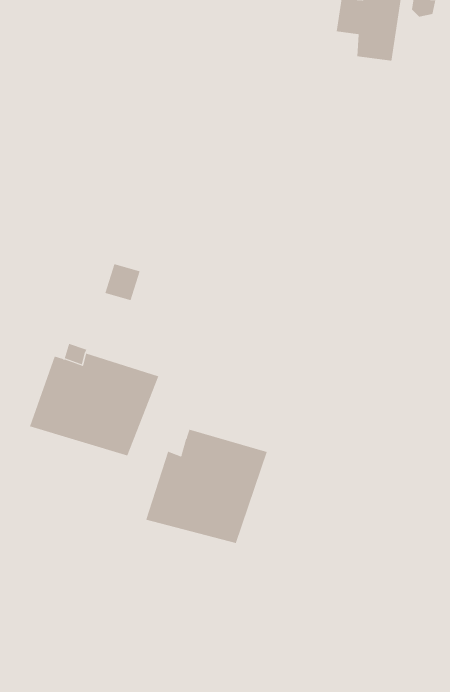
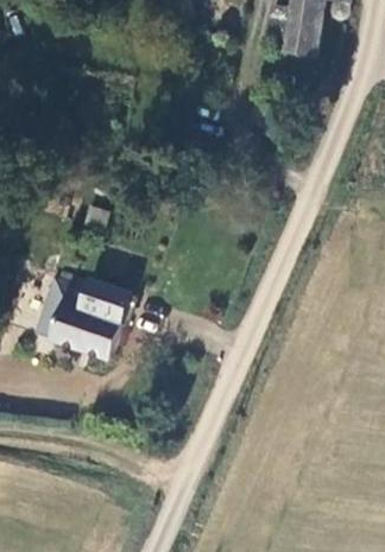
building: [146,429,267,544] -> none

